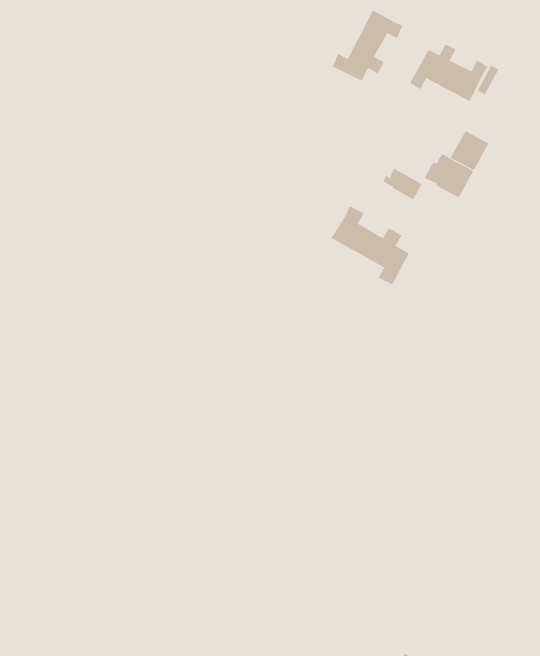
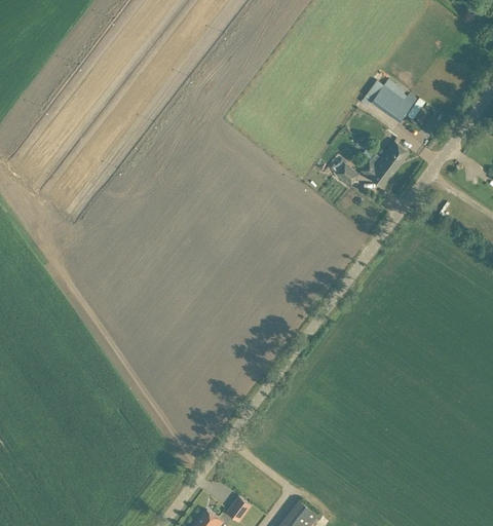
building: [332,9,403,81] -> none
building: [331,205,410,285] -> none

